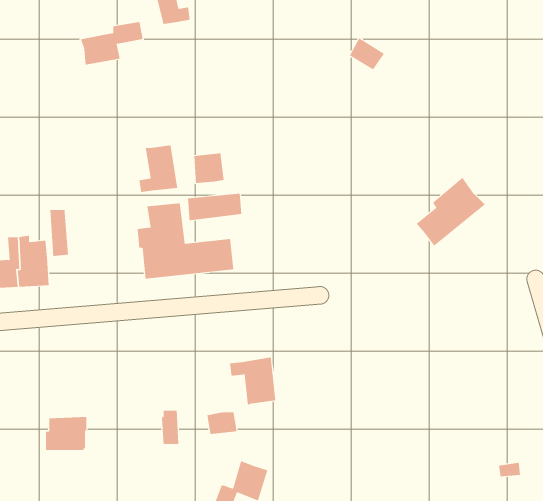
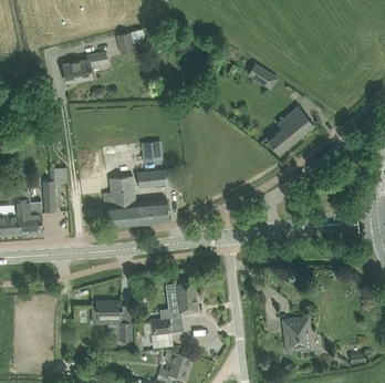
building: [139,144,178,193] -> none
building: [416,177,486,247] -> [267,106,314,154]
building: none -> [283,318,312,352]
building: [45,416,87,450] -> [93,300,122,323]

